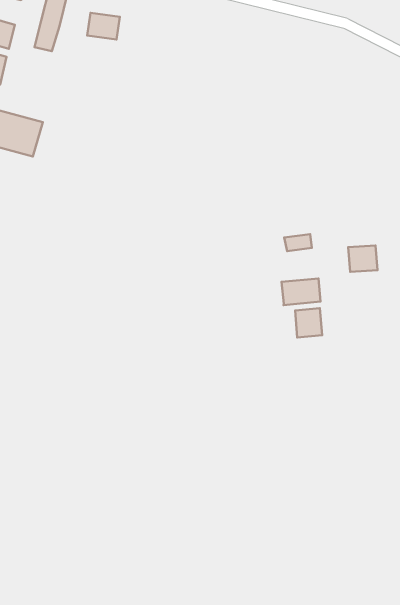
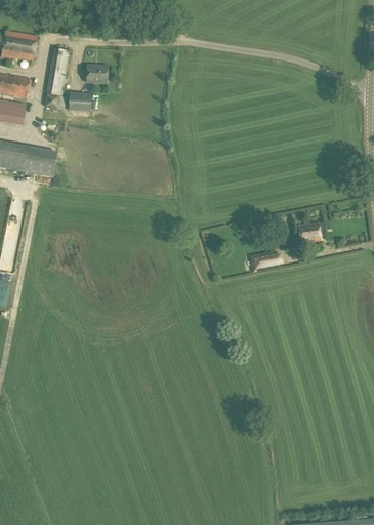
building: none -> [68,91,91,111]
building: [295,308,322,337] -> none

